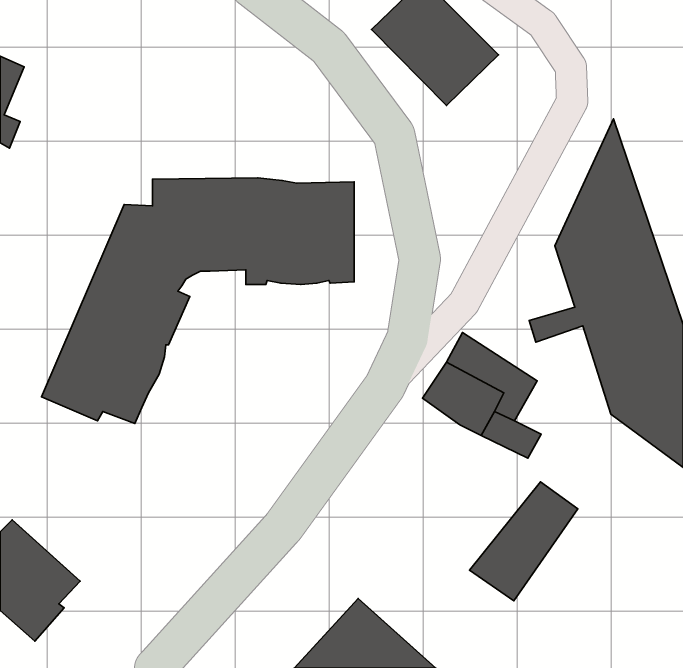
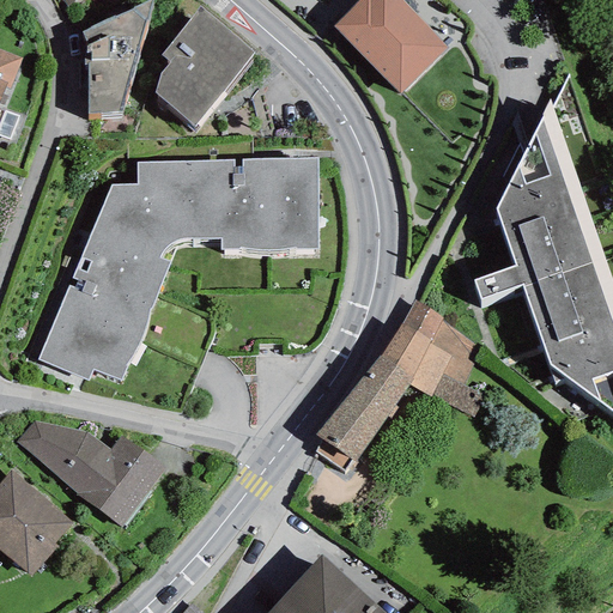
building: none -> [83,11,151,117]
building: none -> [154,19,253,133]
building: none -> [12,412,166,523]
building: [470,482,578,601] -> [315,357,412,463]

